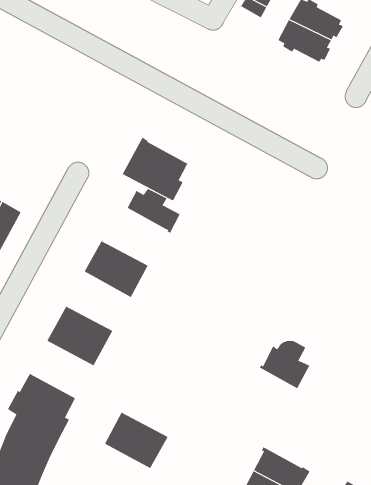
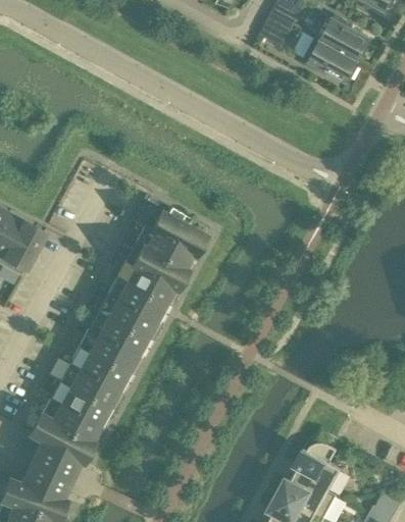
building: [122,137,188,201] -> [125,225,193,291]
building: none -> [90,295,156,355]
building: [259,340,310,389] -> [290,445,342,493]
building: [104,412,169,469] -> [53,365,118,423]

